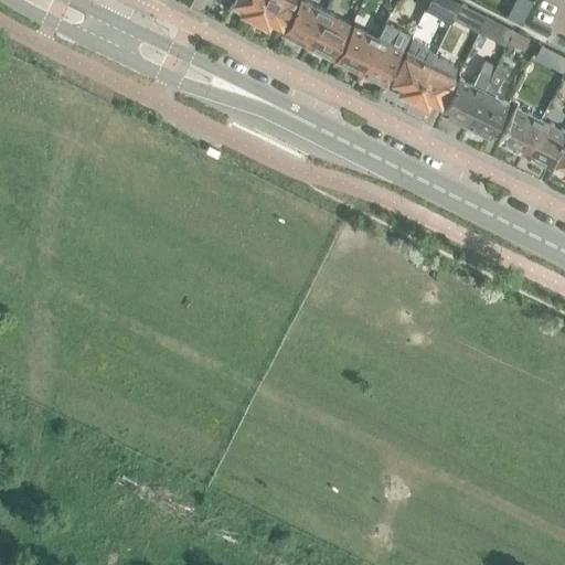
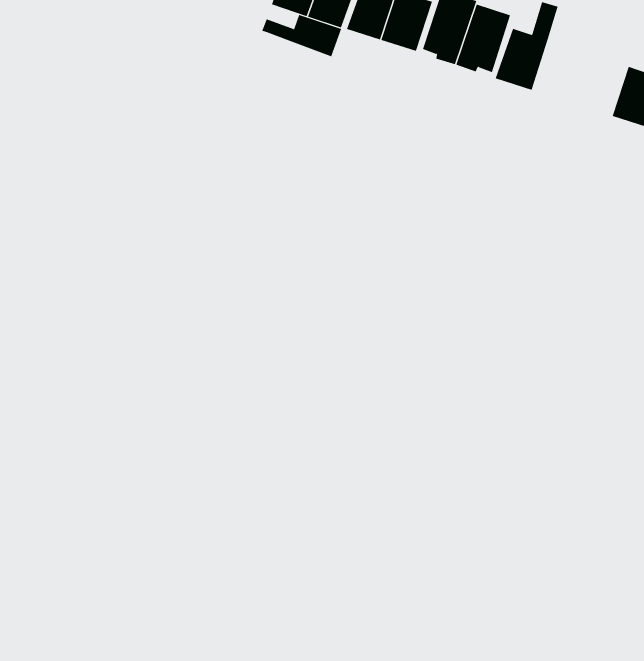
building: none -> [262,14,342,57]
building: [469,73,511,140] -> none
building: [501,108,543,156] -> none

